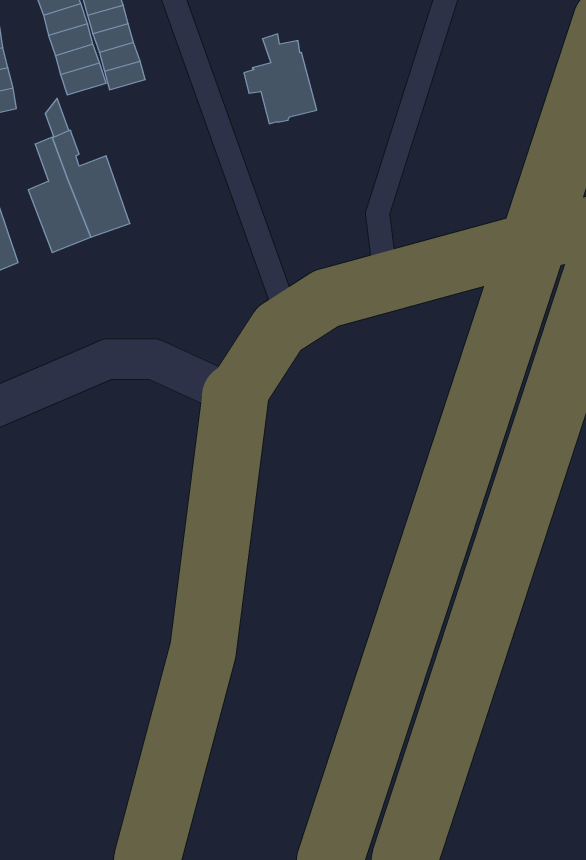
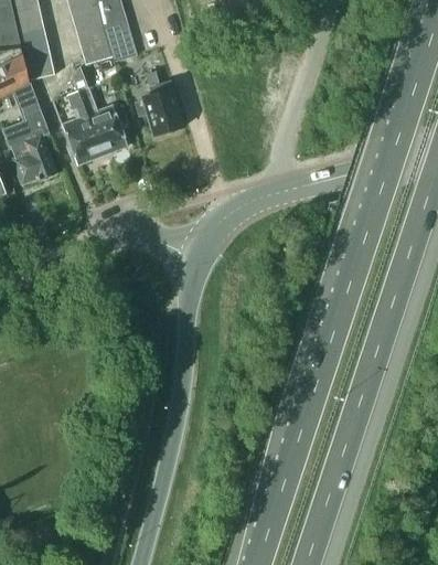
building: [244,34,317,124] -> [135,76,182,135]

